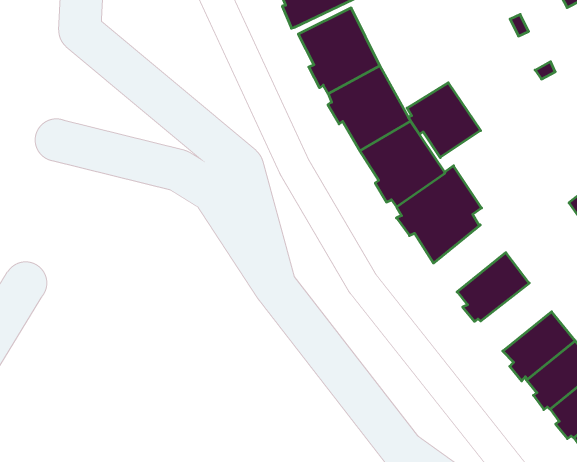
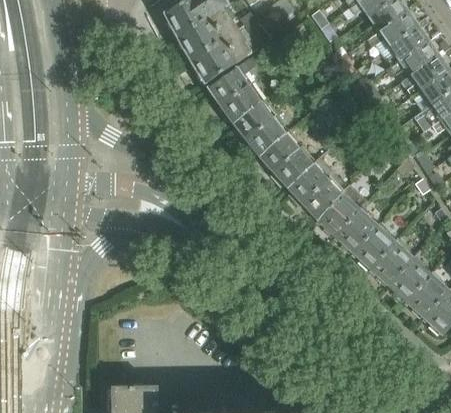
building: [407,83,481,158] -> none
building: none -> [316,188,361,235]
building: none -> [352,221,396,268]

